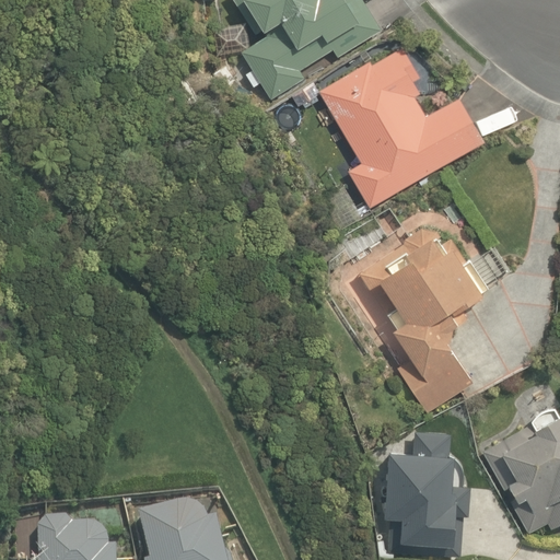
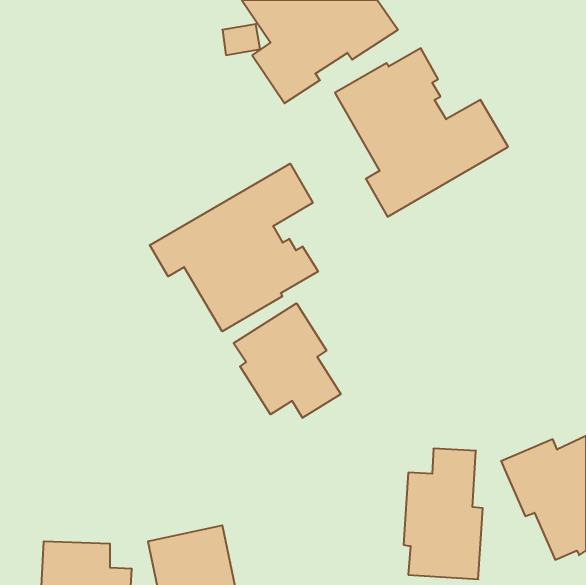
building: none -> [150,164,318,331]
building: [357,228,485,411] -> none
building: none -> [234,303,341,418]

